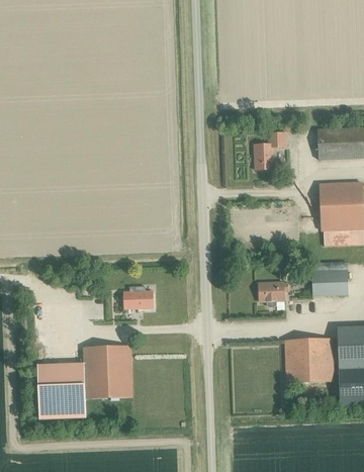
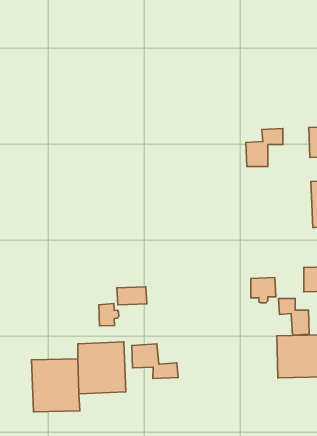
building: none -> [279,298,309,335]
building: none -> [99,304,119,326]
building: none -> [132,344,178,378]

